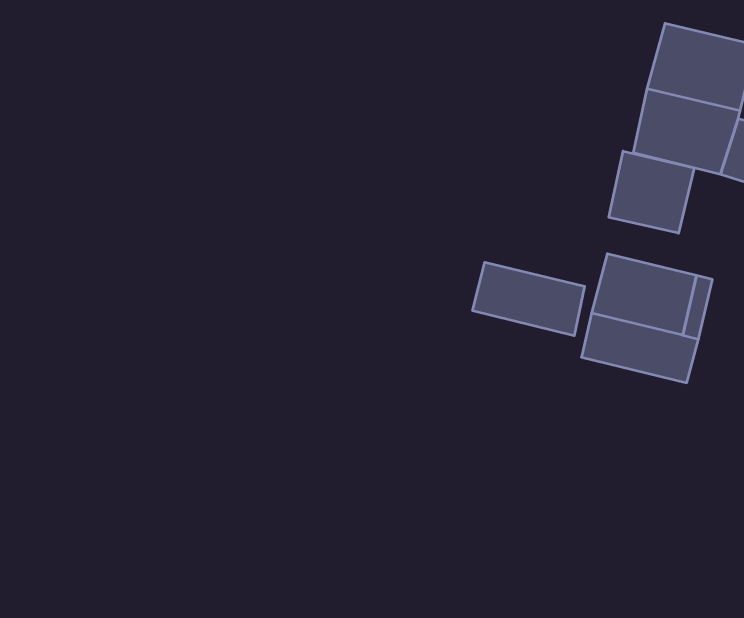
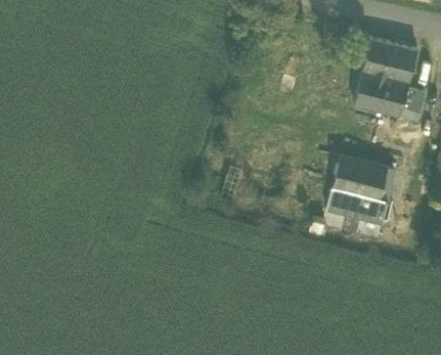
building: [609,151,694,233] -> none
building: [473,262,585,336] -> none

